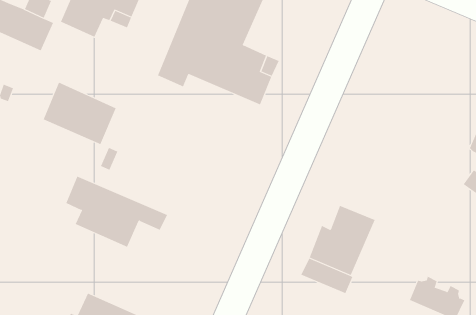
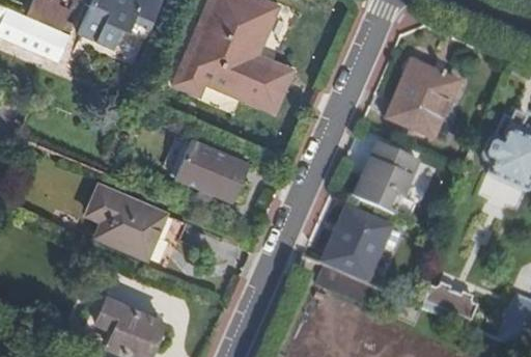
building: none -> [386,67,456,136]
building: [43,82,117,145] -> [174,138,247,200]
building: none -> [352,142,417,214]

